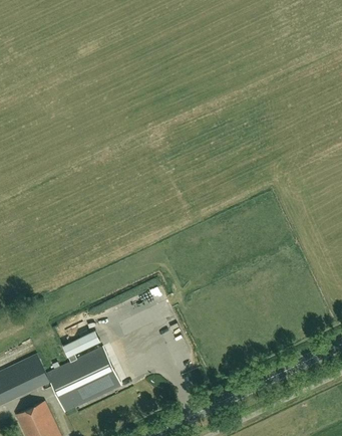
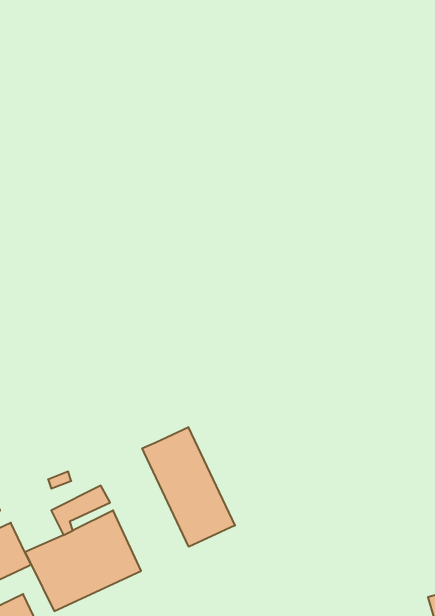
building: none -> [142,427,235,547]

